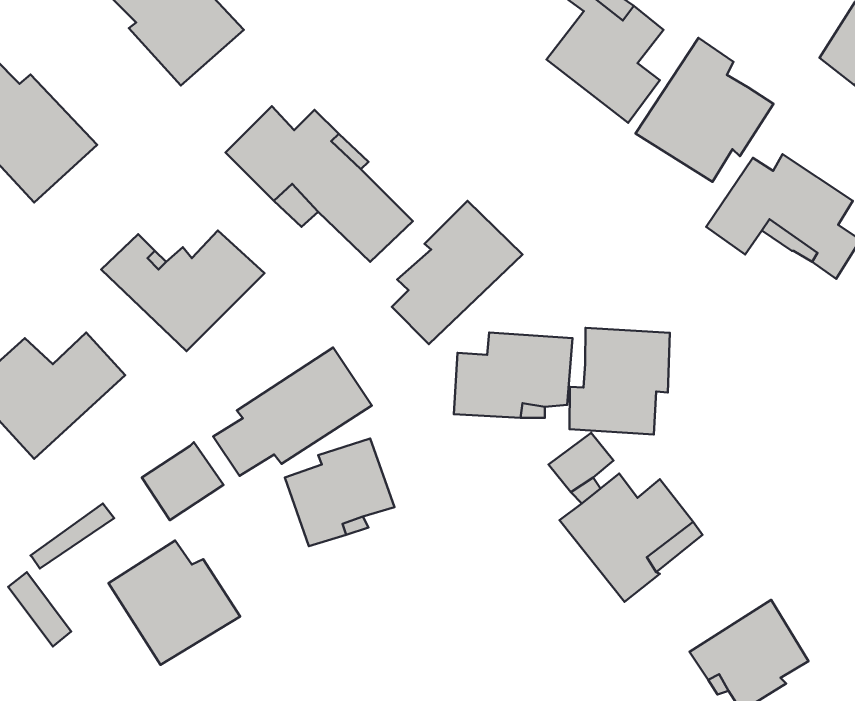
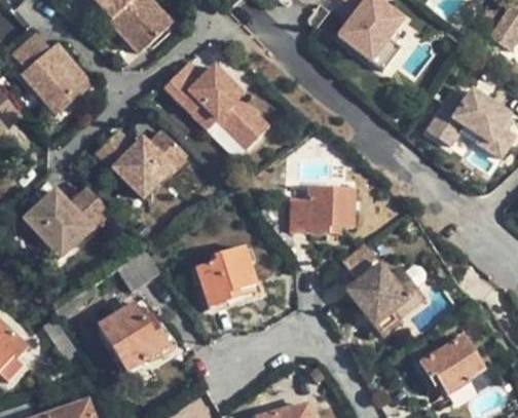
building: [636,38,773,182] -> none
building: [392,201,522,344] -> none
building: [569,328,670,434] -> none
building: [213,348,372,476] -> none

